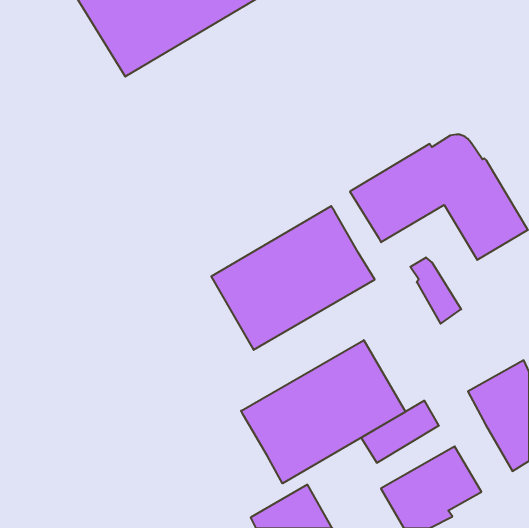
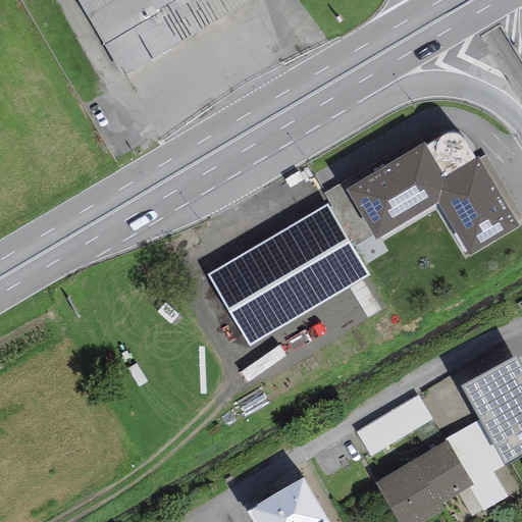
building: [410,257,461,324] -> [323,184,373,249]
building: [241,340,406,483] -> none
building: none -> [445,418,507,510]

